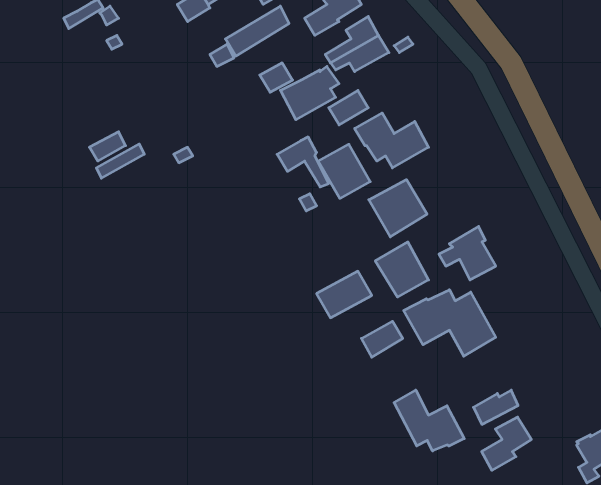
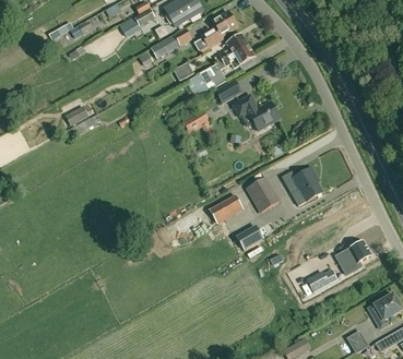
building: [318,144,370,198] -> none
building: [369,180,427,237] -> none
building: [404,290,496,356] -> none
building: [394,390,464,451] -> none
building: [482,417,531,470] -> [340,241,371,275]

